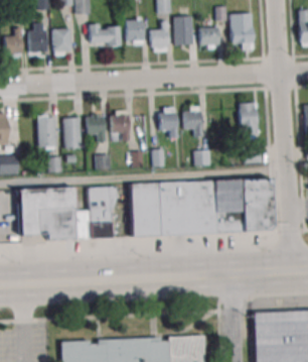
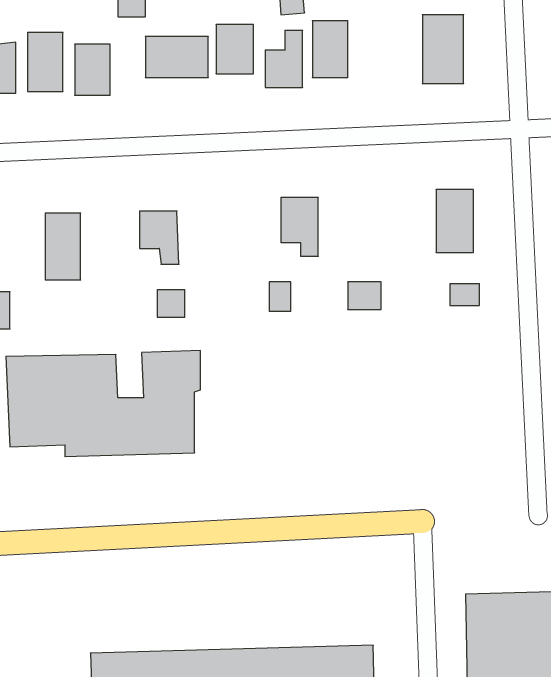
building: [200,27,220,46] -> none
building: [183,107,203,136] -> none
building: [112,112,131,140] -> none
building: [64,117,82,148] -> none
building: [130,178,277,236] -> none

